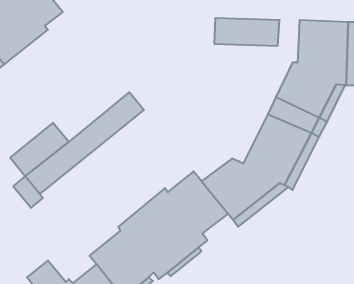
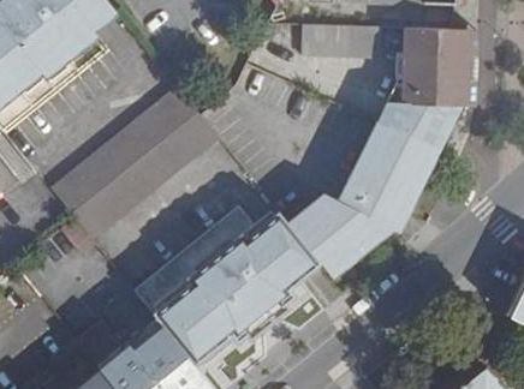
building: none -> [107,92,200,175]
building: none -> [133,207,255,313]

